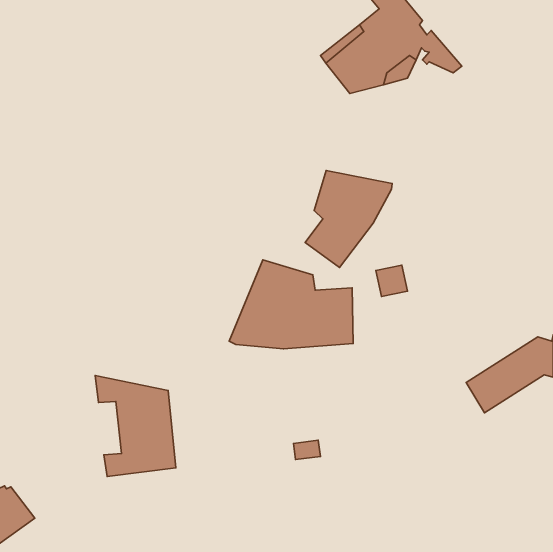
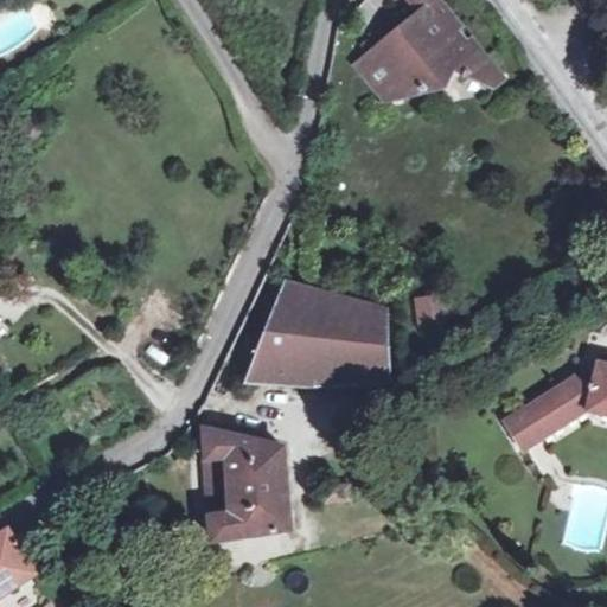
building: [305,171,392,267] -> none
building: [95,375,176,476] -> [199,427,287,537]

